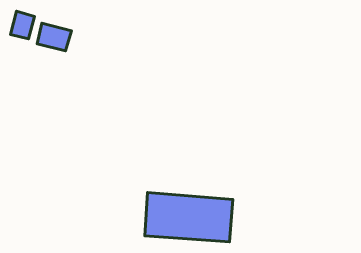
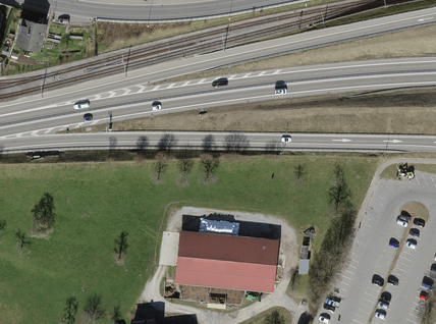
building: [37,23,71,51] -> none

